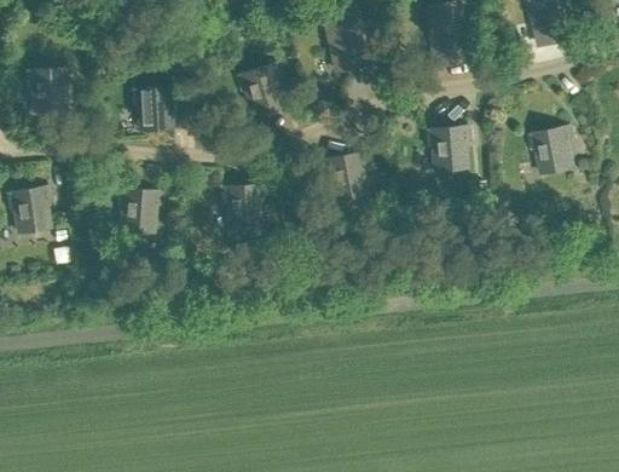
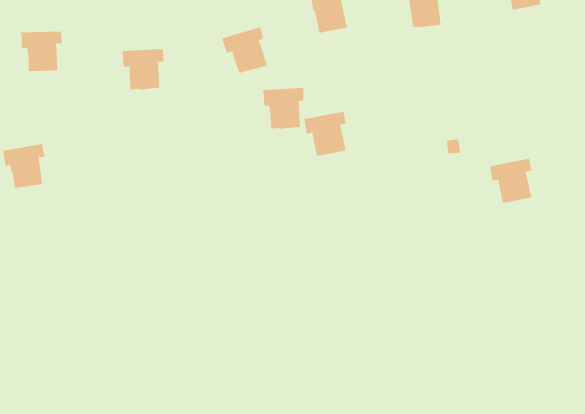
building: [426,126,470,169] -> none
building: [530,126,574,173] -> [489,158,532,203]
building: [221,184,265,228] -> [263,88,304,129]
building: [117,188,162,232] -> none

